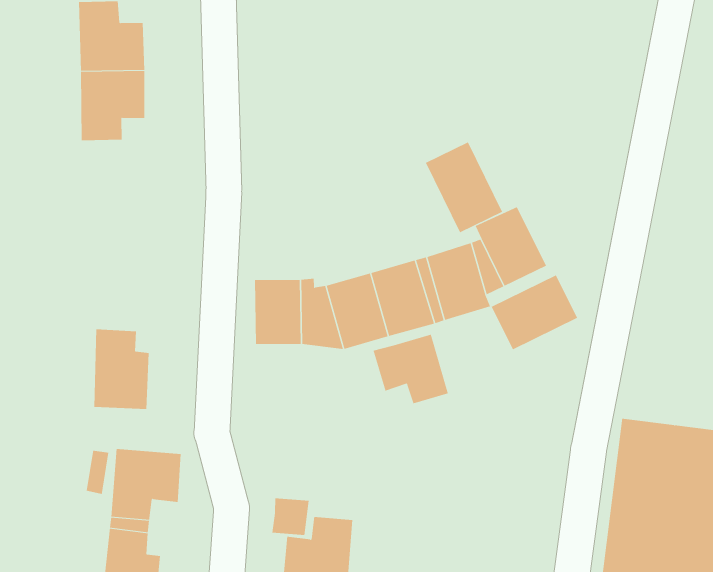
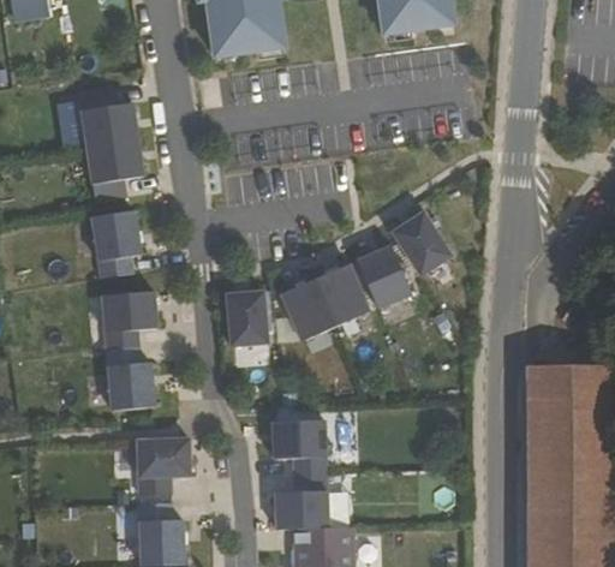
building: [425,141,503,233] -> none
building: none -> [94,210,143,276]
building: none -> [103,291,159,348]
building: [491,275,578,350] -> none
building: [373,334,448,404] -> none
building: none -> [275,419,328,473]

